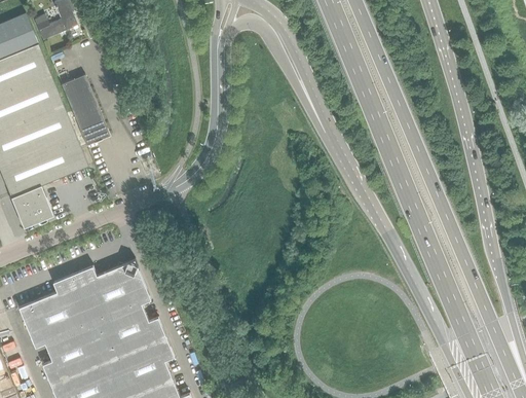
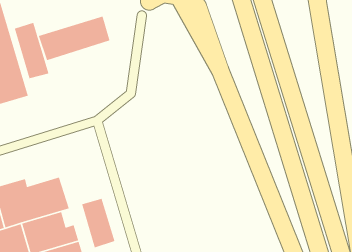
building: none -> [38,16,111,61]
building: none -> [81,198,115,248]

